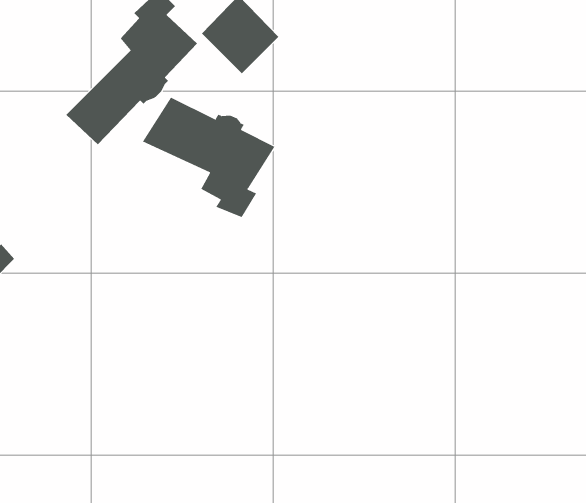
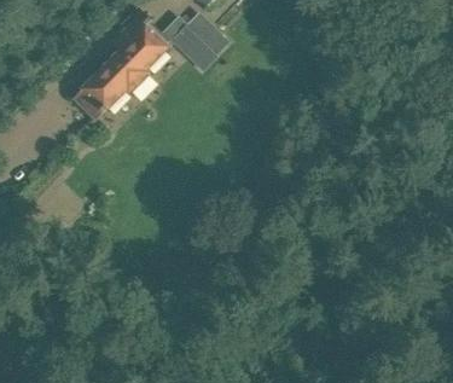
building: [142,97,275,218] -> none

